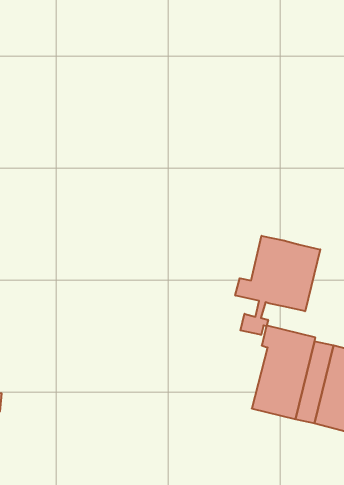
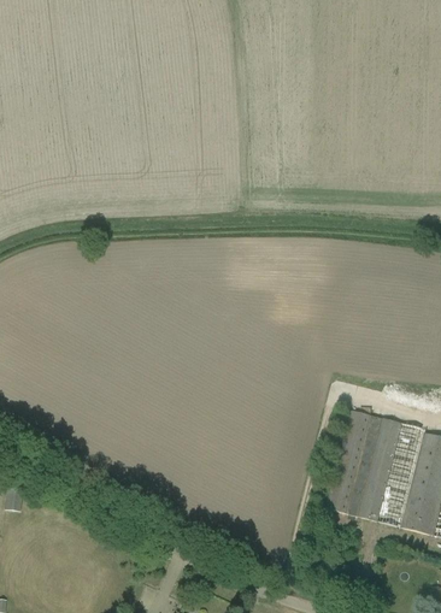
building: [235,236,320,335] -> none

